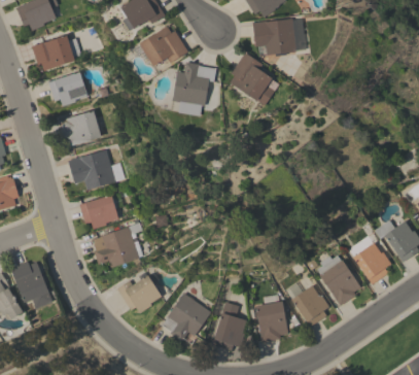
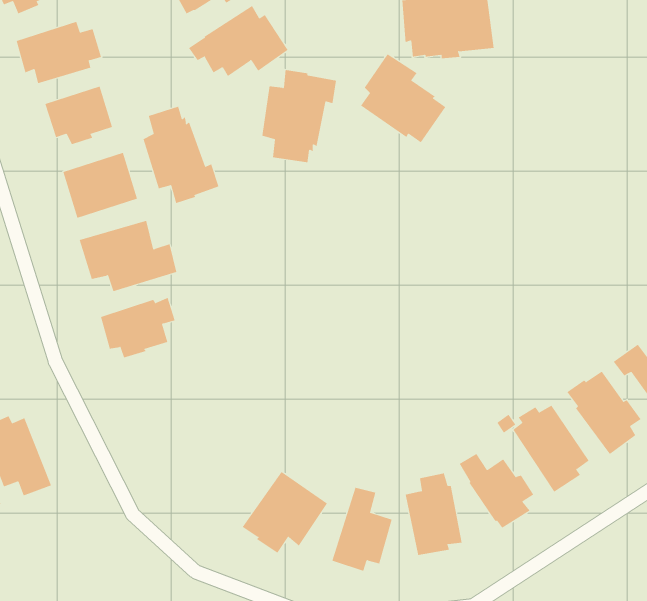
building: none -> [143,106,219,204]
building: [91,223,142,268] -> none
building: [116,272,162,313] -> none

